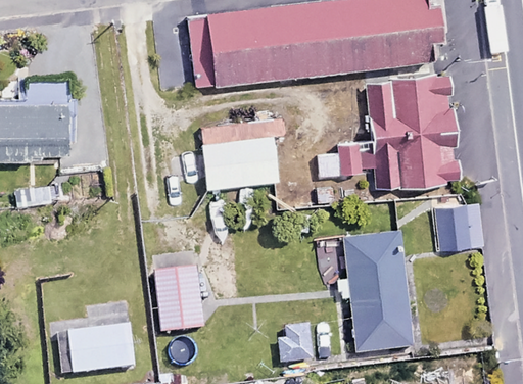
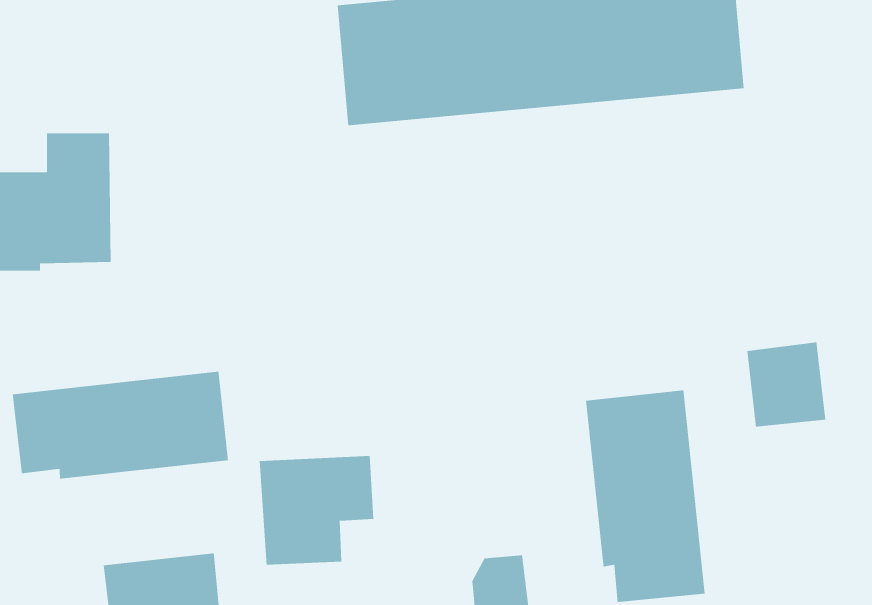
building: [349,74,454,180] -> none
building: [202,141,278,192] -> none
building: none -> [12,371,228,479]

